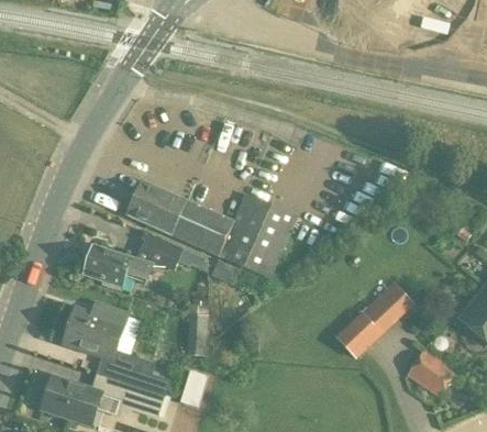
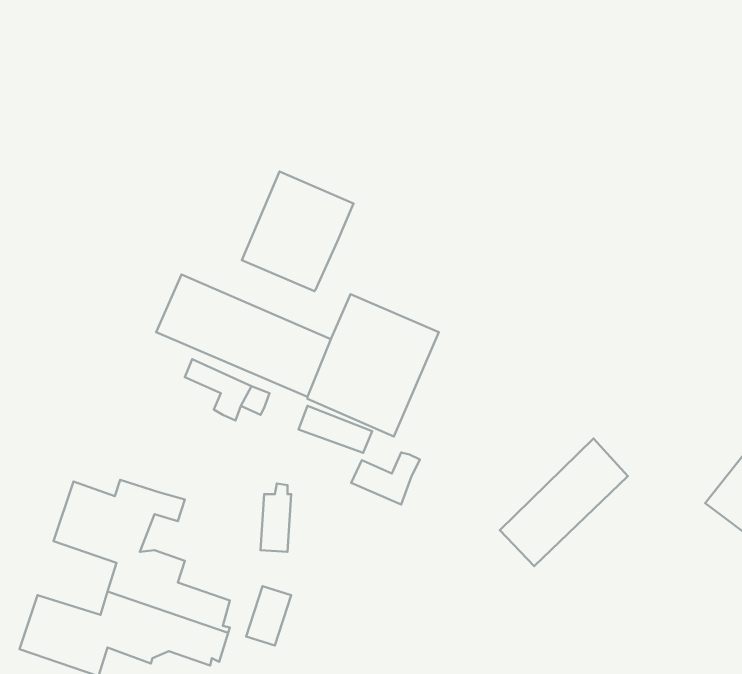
building: none -> [242,172,353,291]
building: [81,244,151,288] -> none
building: none -> [351,452,420,505]
building: [405,346,456,397] -> none

